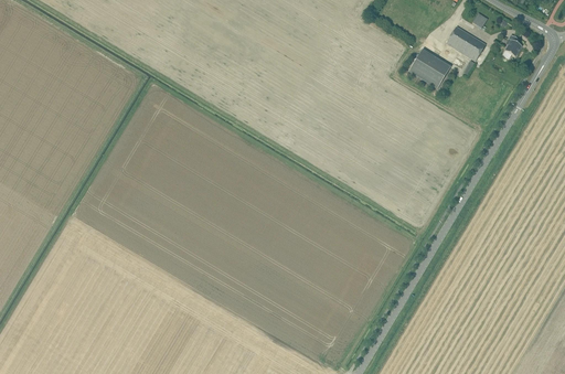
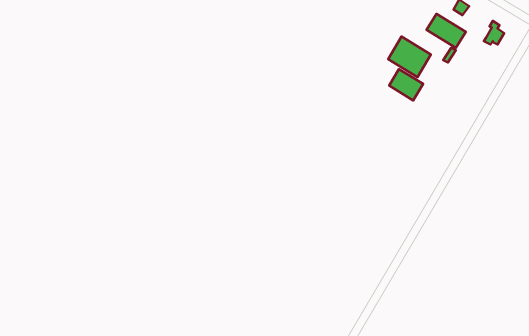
building: none -> [389,69,423,100]

